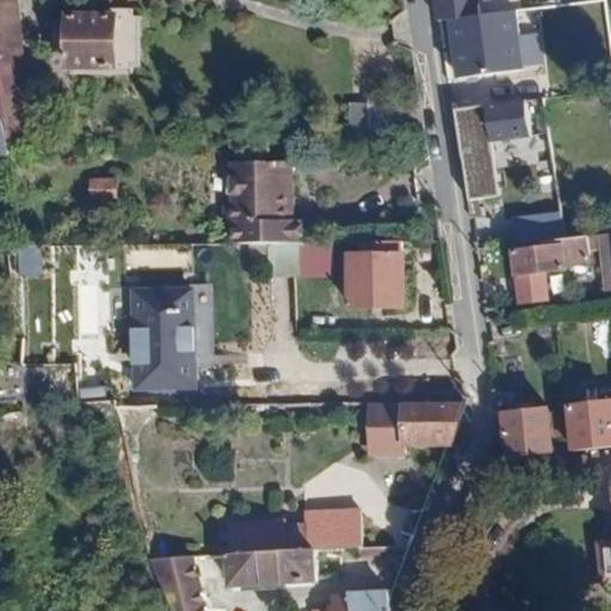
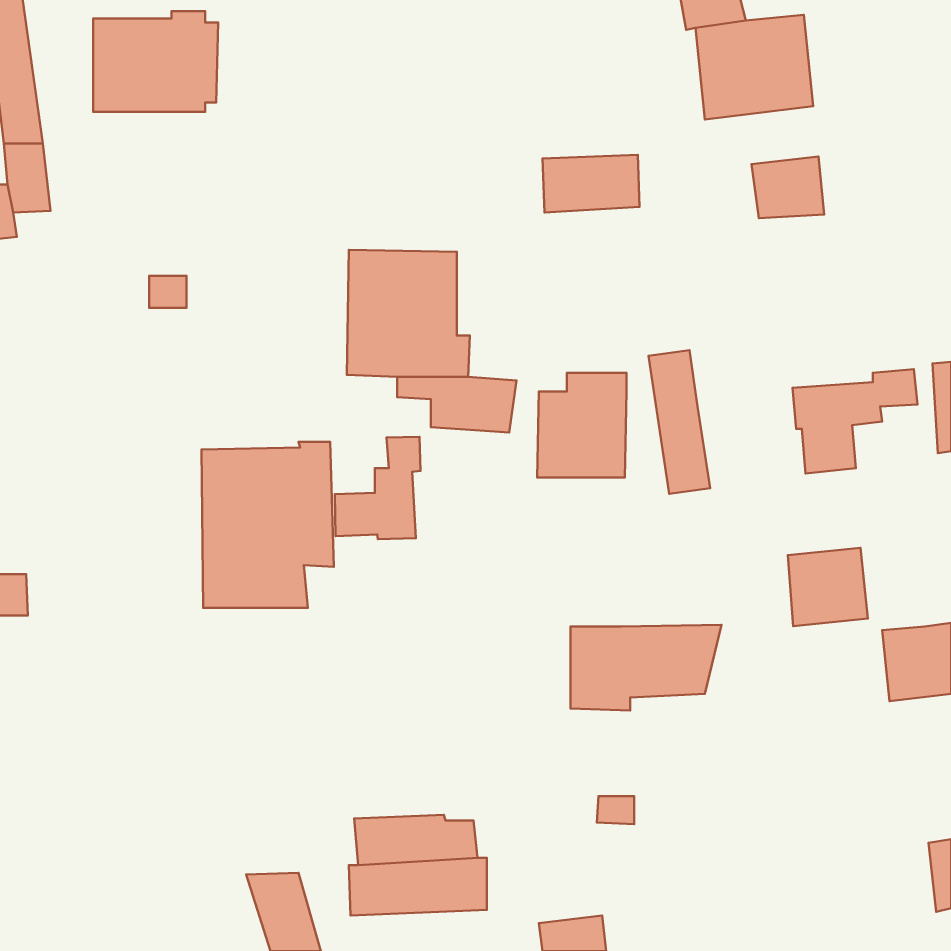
building: [455,105,494,197] -> [649,350,710,494]
building: none -> [335,437,421,539]
building: [500,406,551,456] -> [788,548,868,626]
building: [303,506,363,549] -> none

